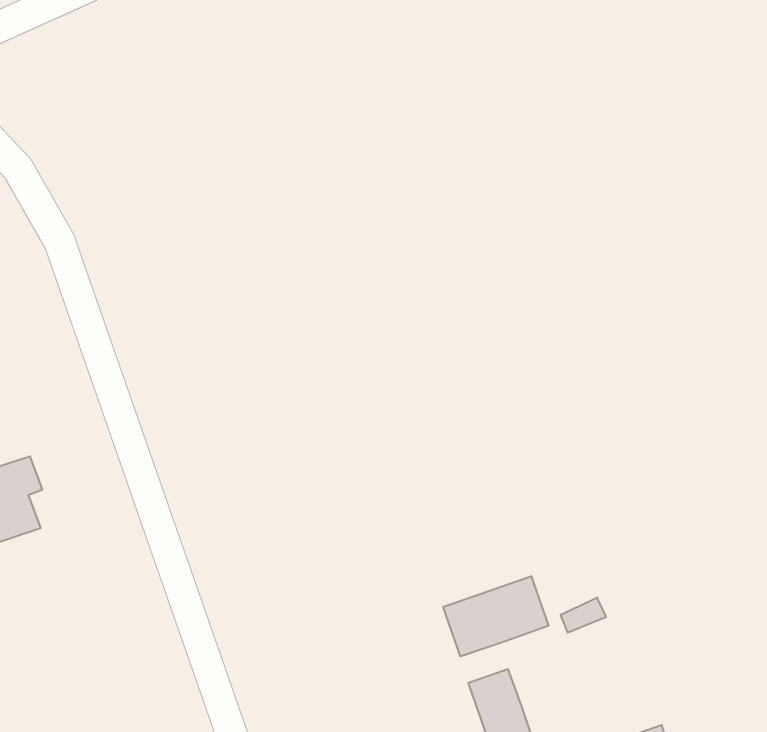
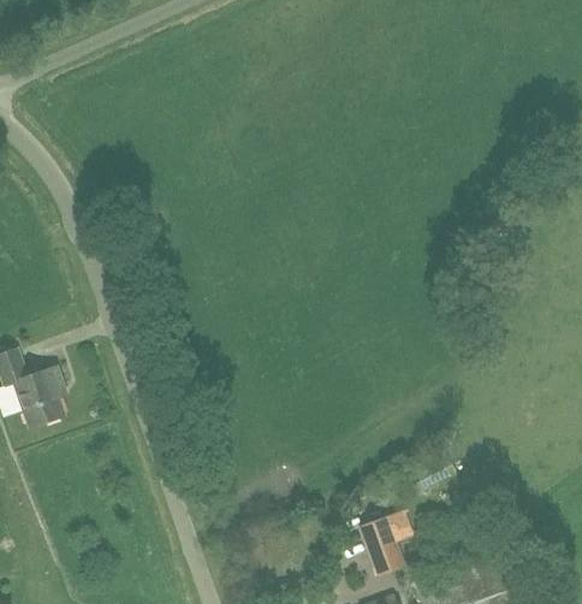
building: [443,576,548,656] -> none

